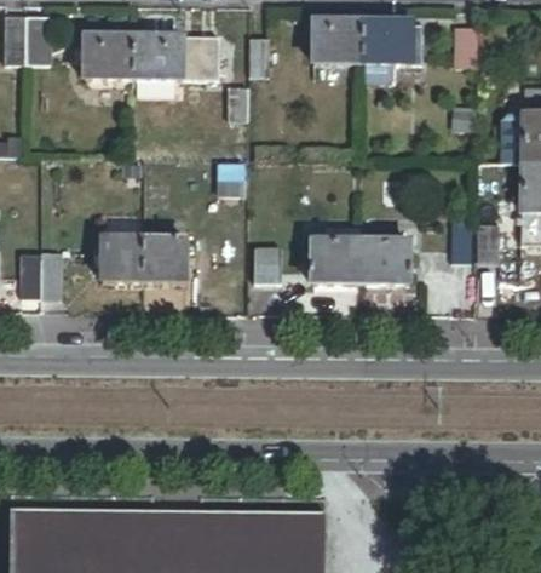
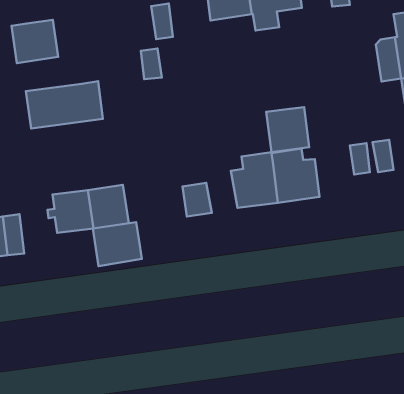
building: [133,35,218,80] -> [26,81,103,128]
building: none -> [266,107,309,152]
building: none -> [93,222,142,266]

